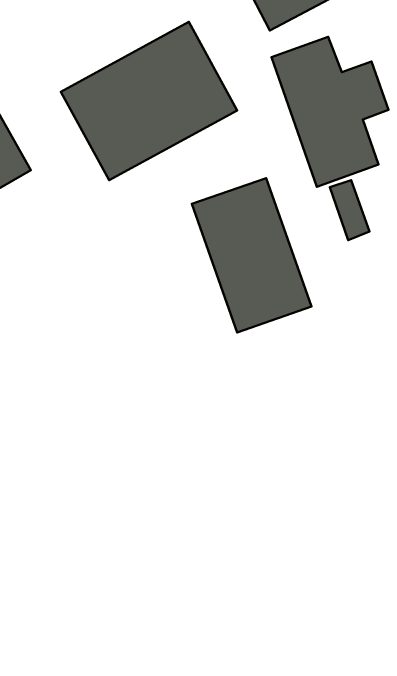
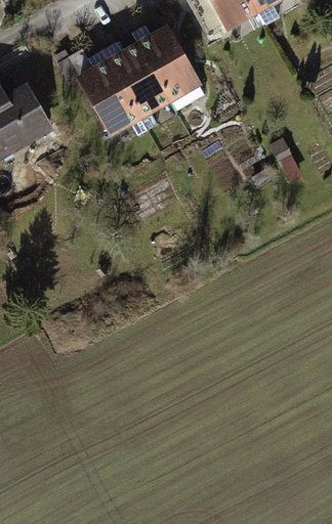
building: [271,37,388,187] -> none
building: [192,178,311,332] -> none

